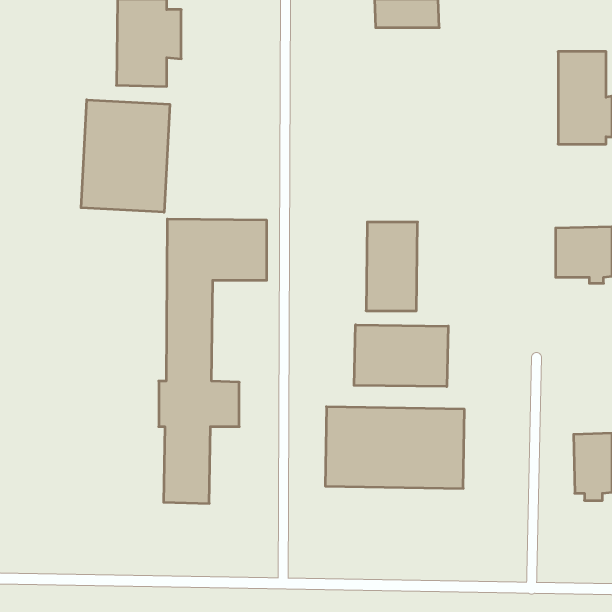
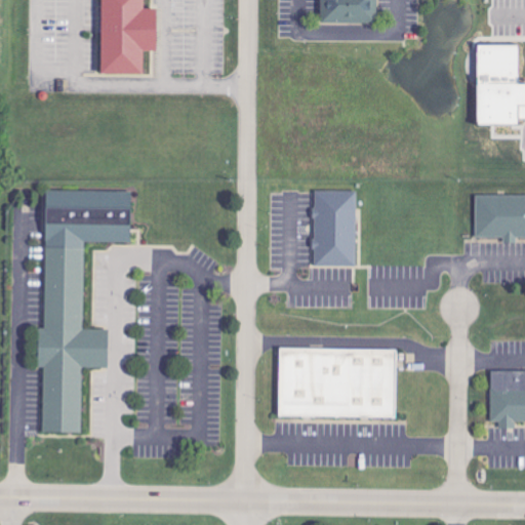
building: [81,100,170,212] -> none
building: [159,219,267,503] -> [38,190,130,433]
building: [354,325,448,387] -> none

